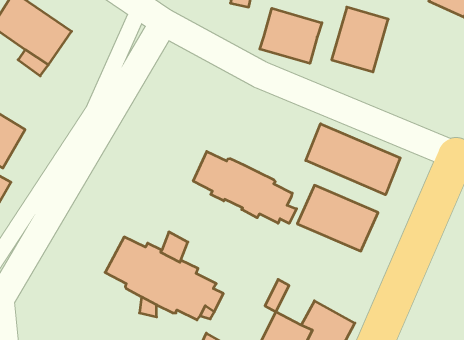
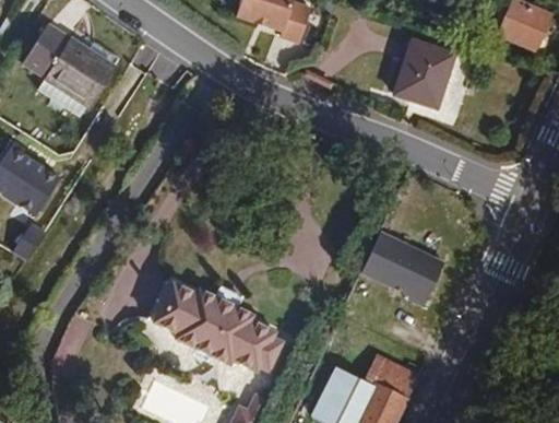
building: [260,8,322,63] -> none
building: [306,124,400,195] -> none
building: [193,151,297,223] -> none

